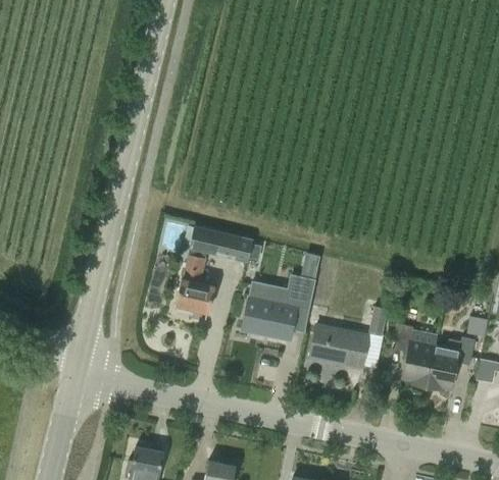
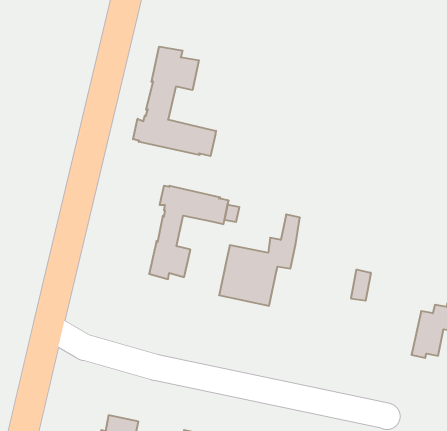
building: none -> [133,47,216,156]
building: [394,324,437,387] -> none
building: [310,325,369,367] -> none

